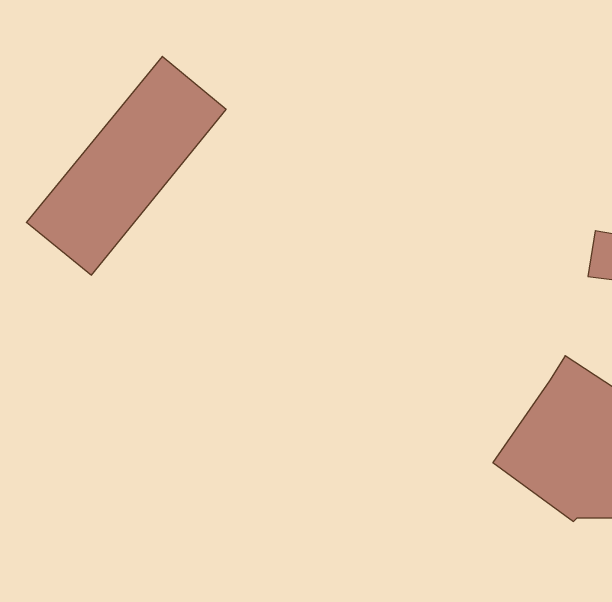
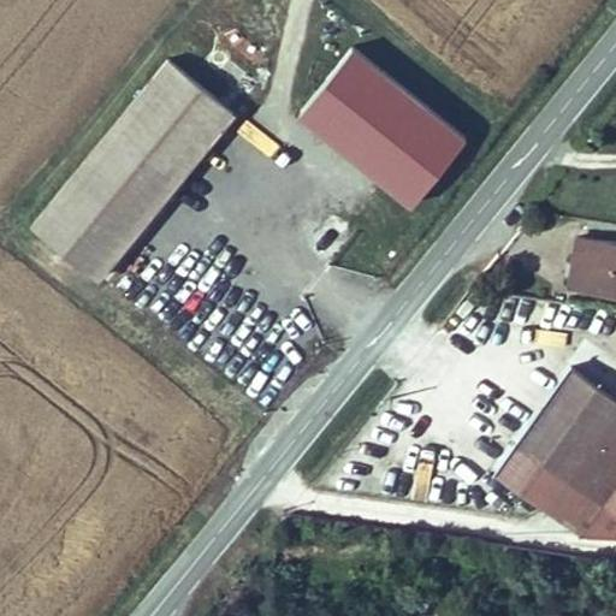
building: none -> [303,52,470,209]
building: none -> [563,239,598,289]

